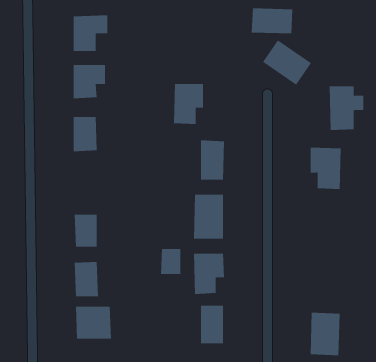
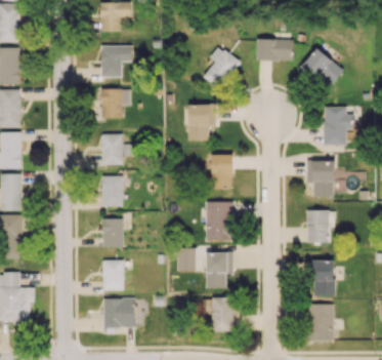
building: none -> [204,46,240,89]
building: [262,40,312,86] -> [301,48,344,88]
building: none -> [101,175,123,206]
building: none -> [307,210,330,243]
building: none -> [313,261,335,296]

